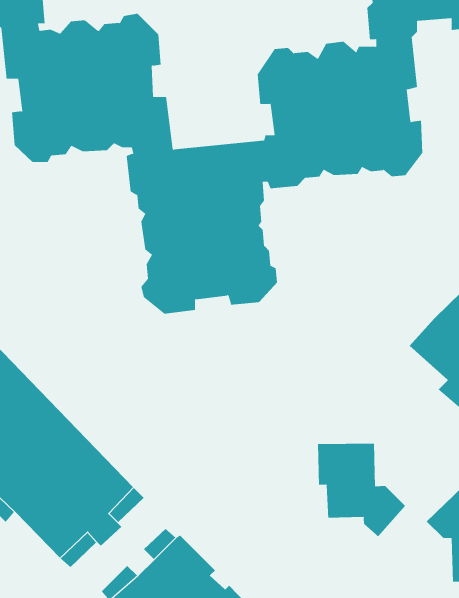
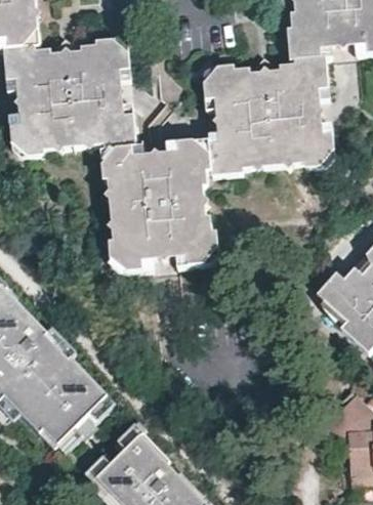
building: [318,443,406,537] -> none

